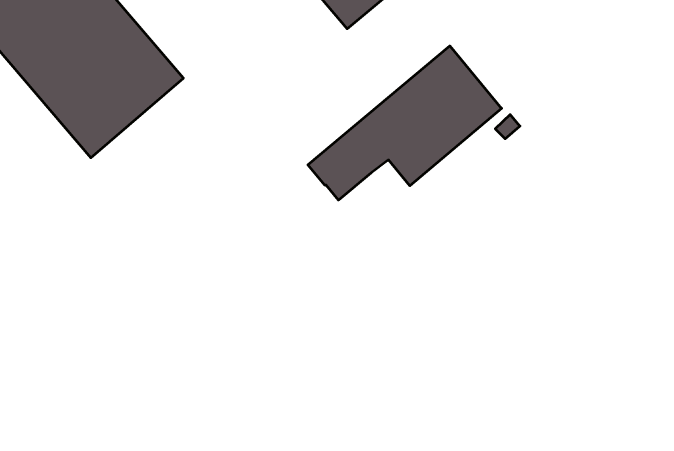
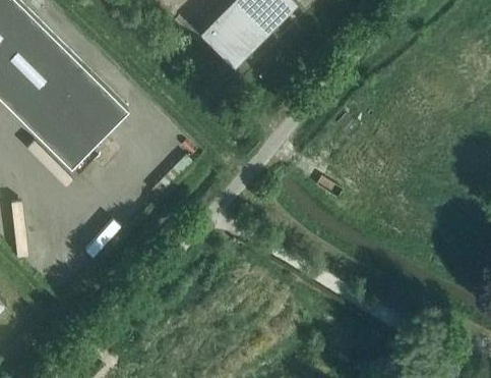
building: [308,46,502,200] -> none

